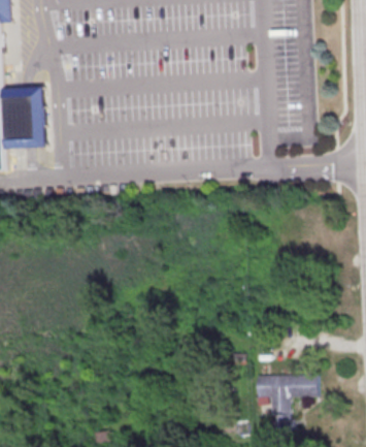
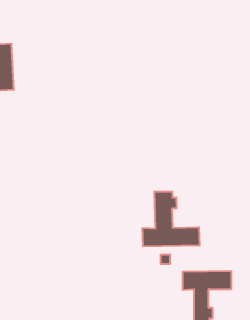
building: none -> [142,191,200,246]

